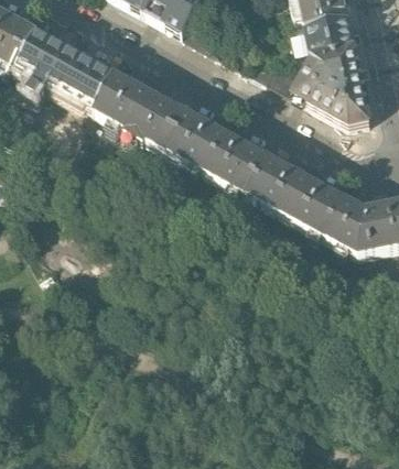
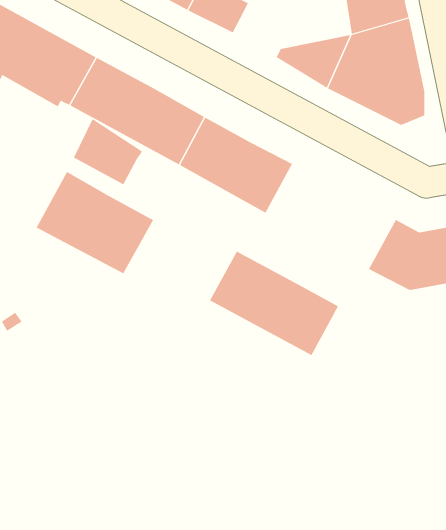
building: none -> [73,118,143,185]
building: [245,152,345,233] -> [209,251,339,356]
building: none -> [36,171,154,274]

